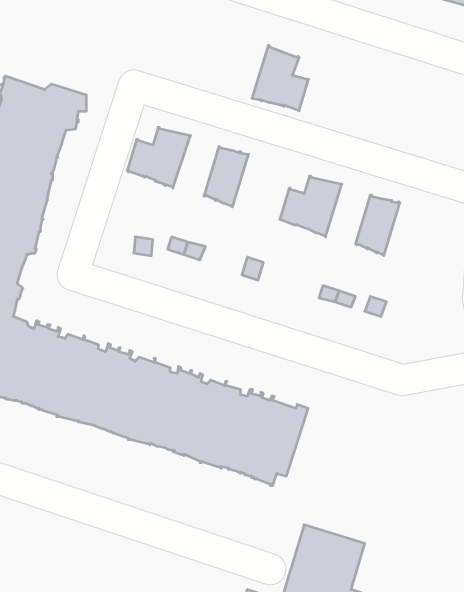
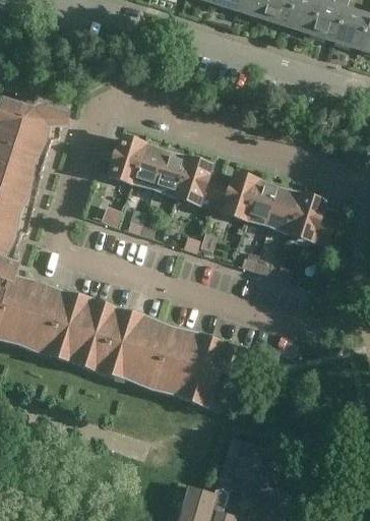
building: [252,46,309,111] -> [176,157,219,206]
building: none -> [131,142,166,187]
building: none -> [246,179,280,224]
building: none -> [290,193,333,242]

